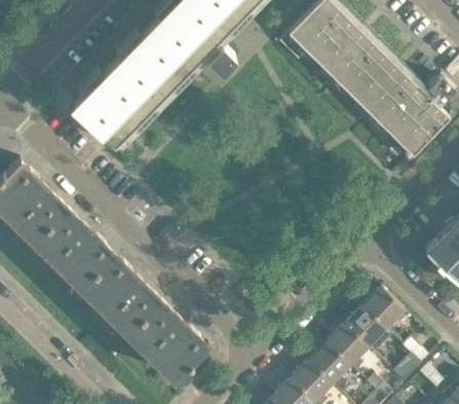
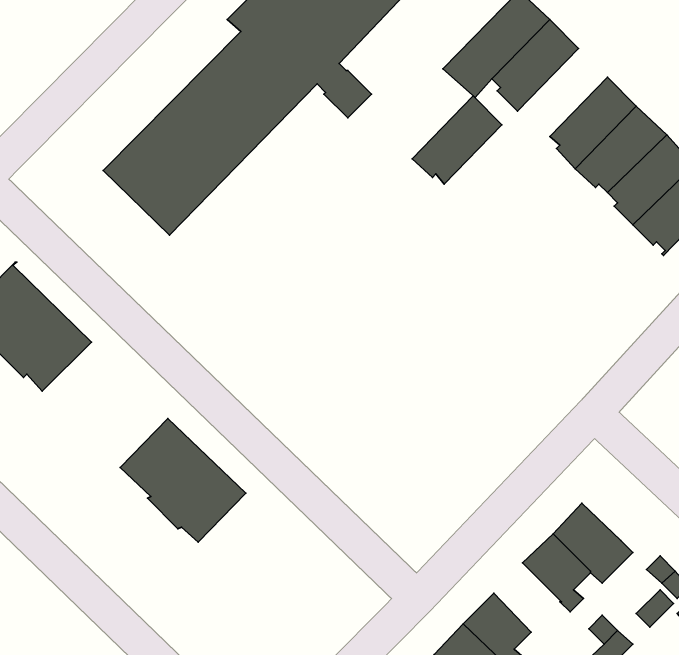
building: [322,31,377,84] -> [412,96,502,184]
building: [35,209,111,285] -> none
building: [361,288,404,329] -> none
building: [129,300,207,378] -> none
building: [308,342,349,391] -> none

